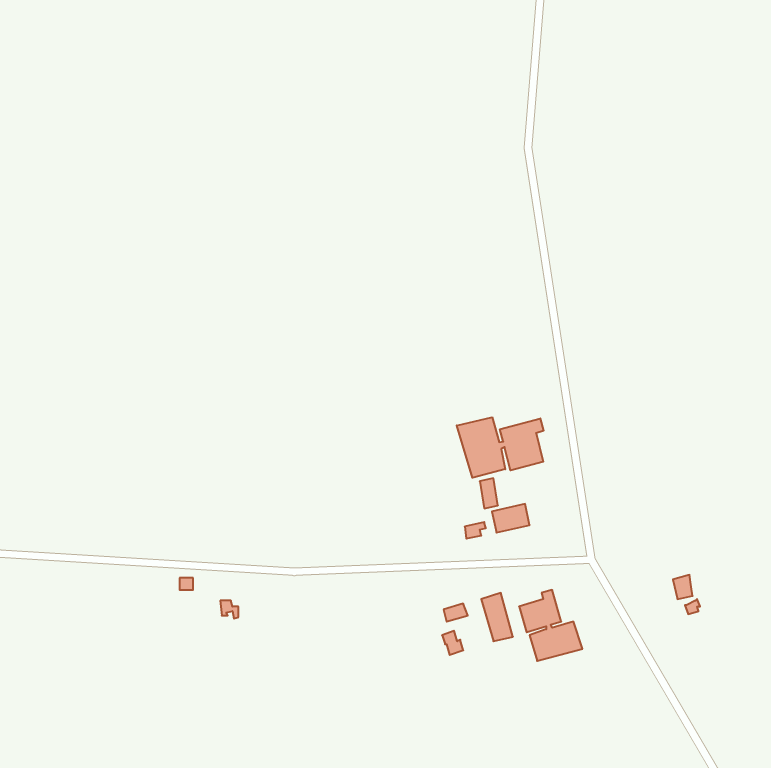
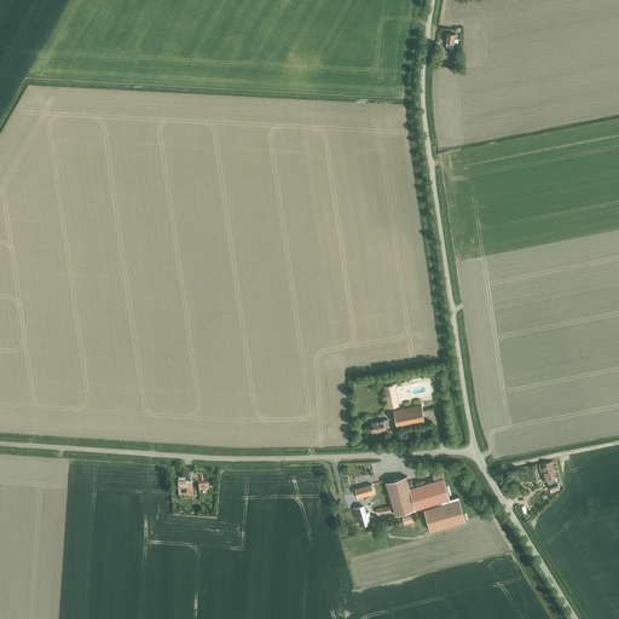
building: [457,417,544,478] -> none

